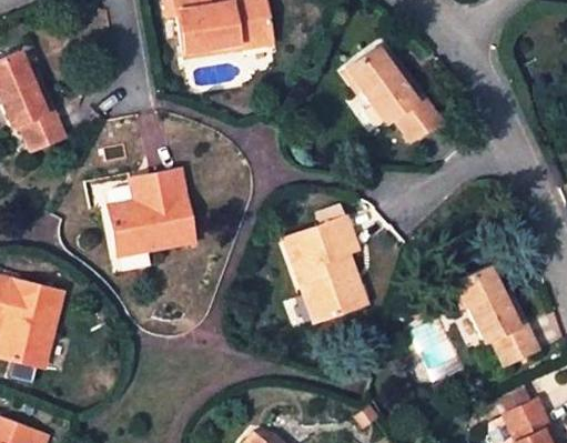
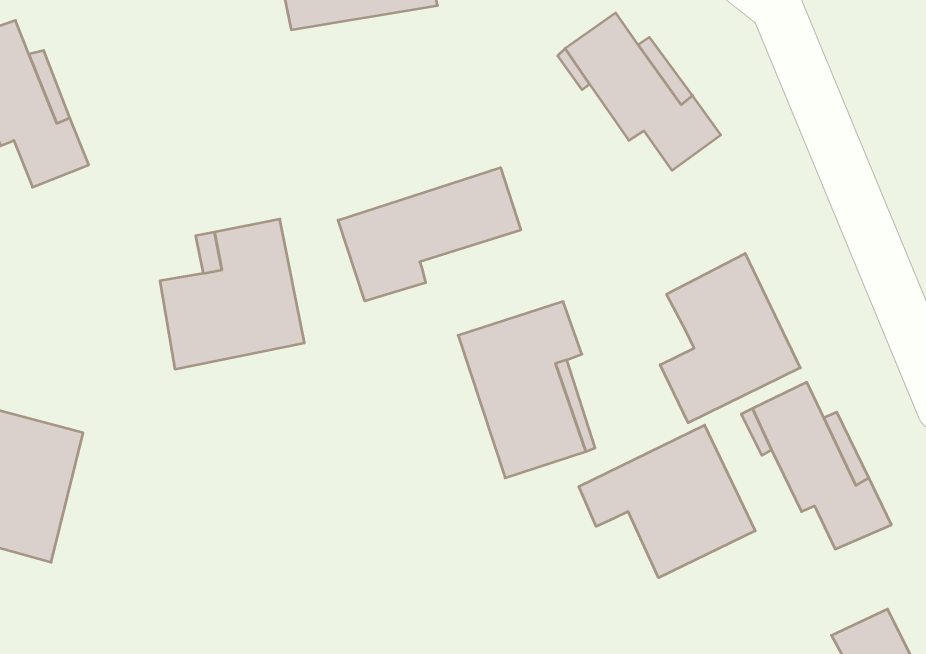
building: none -> [338,168,521,301]
building: none -> [660,253,800,423]
building: none -> [579,425,755,578]

